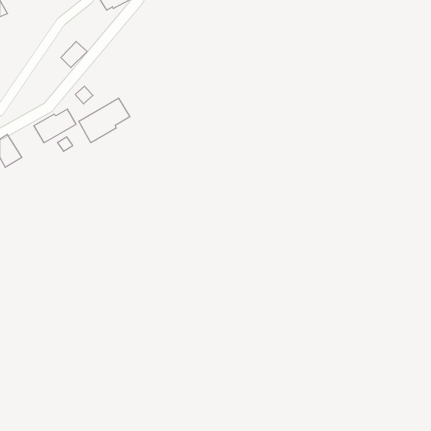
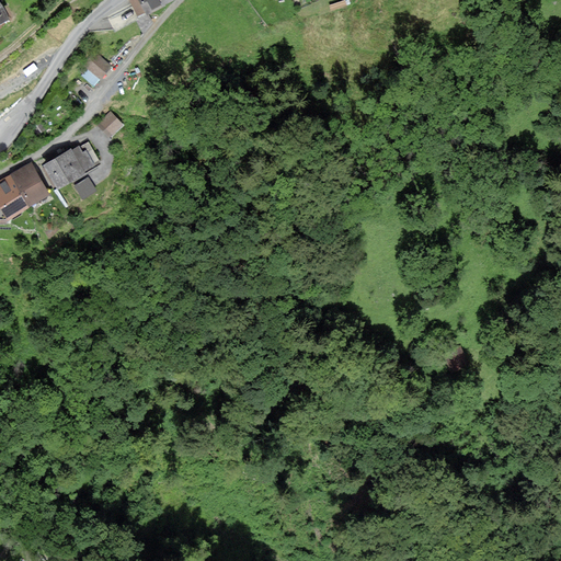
building: [79,98,130,143] -> none
building: none -> [10,163,47,204]

